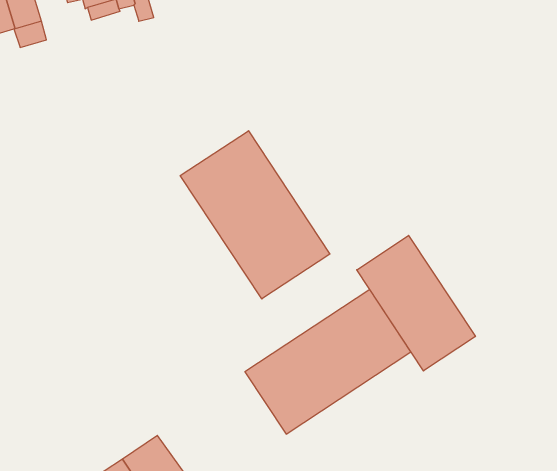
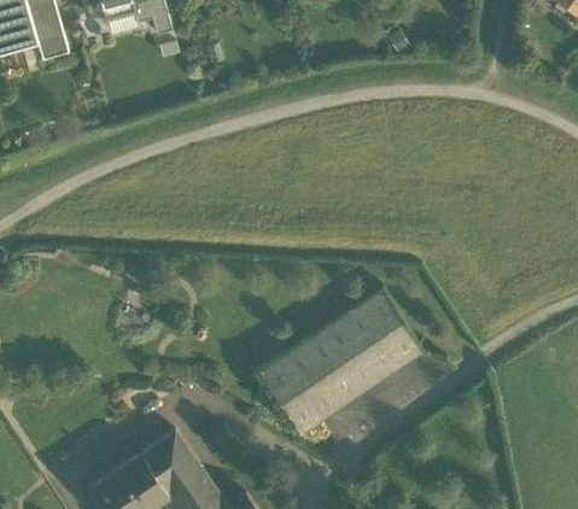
building: [180,131,330,299] -> none
building: [357,235,475,371] -> none

